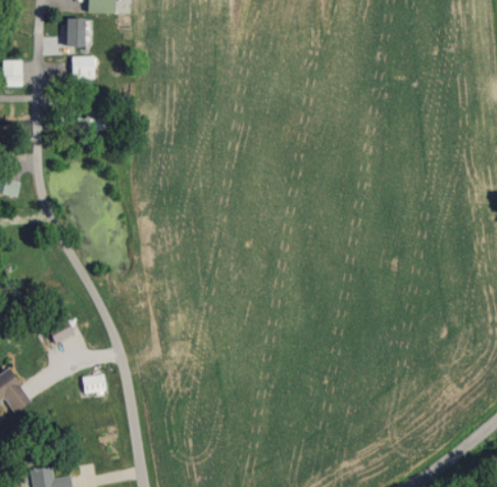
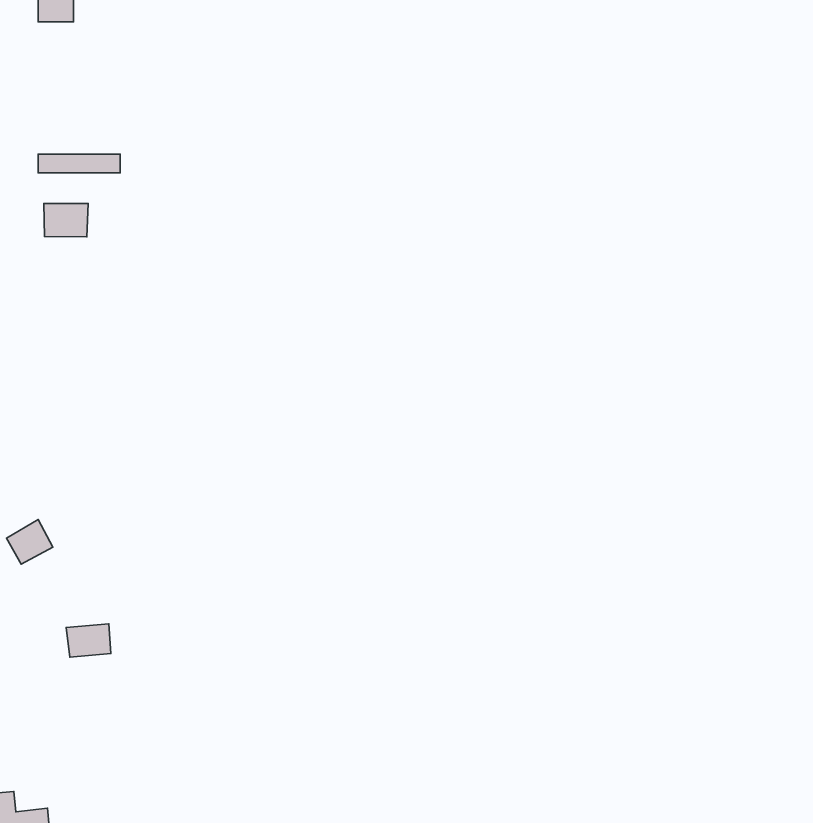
building: [72,56,95,77] -> none
building: none -> [44,204,88,237]

